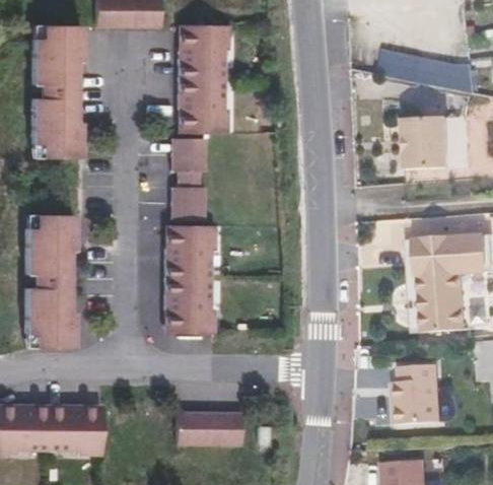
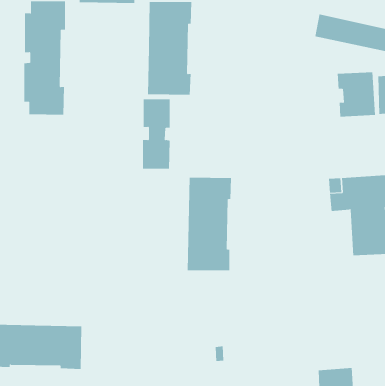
building: [26,215,76,349] -> none
building: [165,227,218,337] -> [187,177,232,271]
building: [391,359,437,419] -> none
building: [175,415,242,449] -> none

